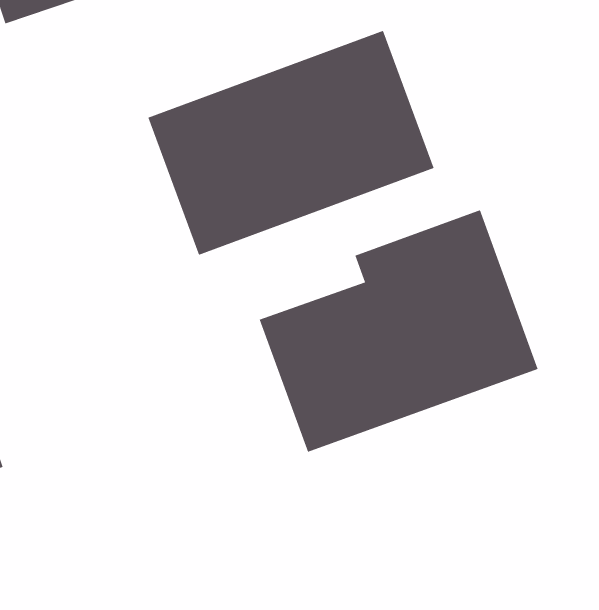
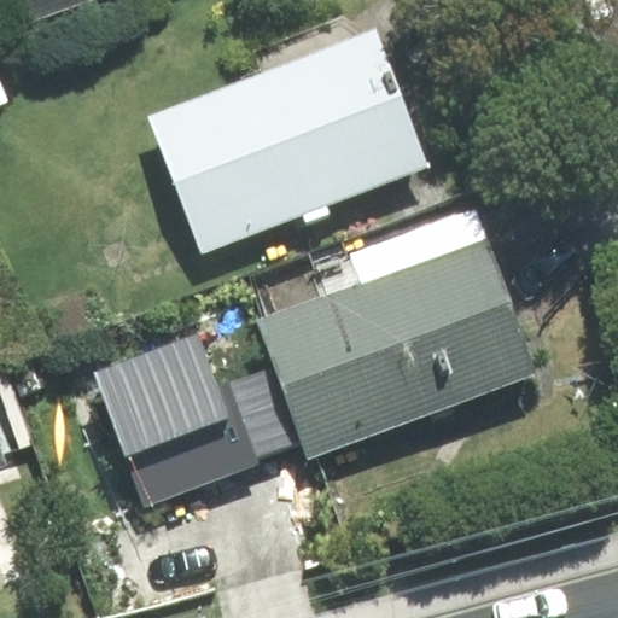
building: none -> [86,328,290,505]

